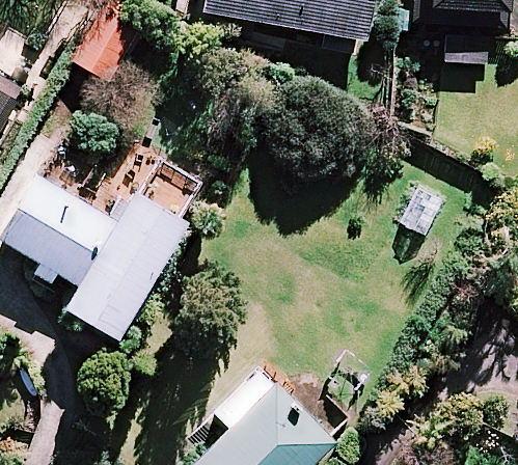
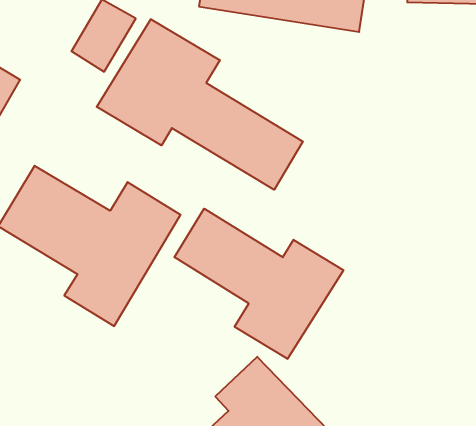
building: none -> [97,19,303,190]
building: none -> [174,209,343,359]

